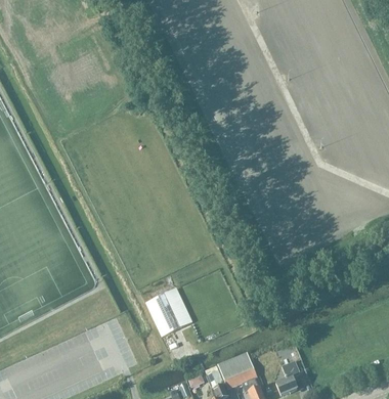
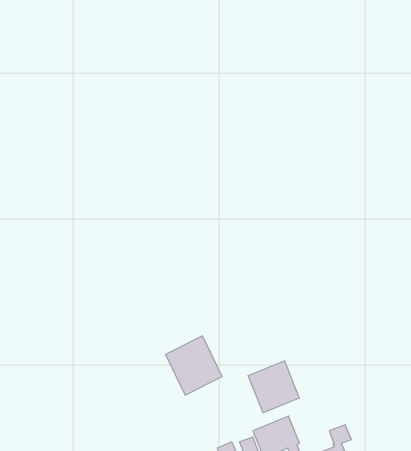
building: none -> [248,361,299,413]

